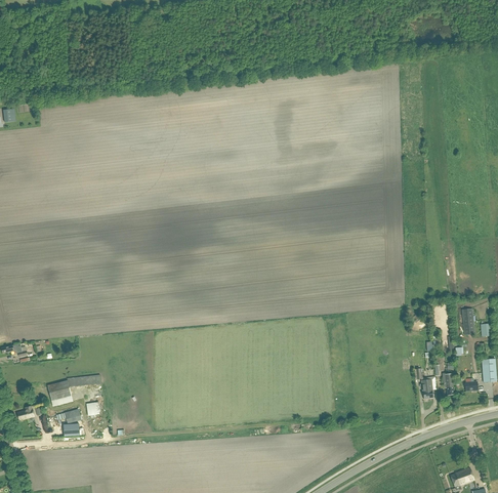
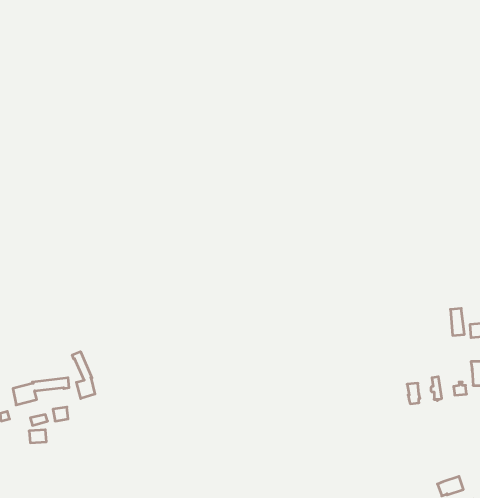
building: none -> [72,352,95,399]

